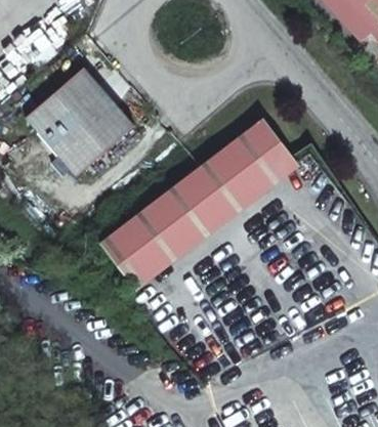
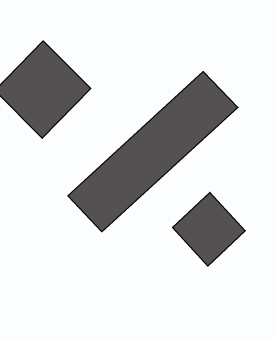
building: none -> [173,192,245,266]

